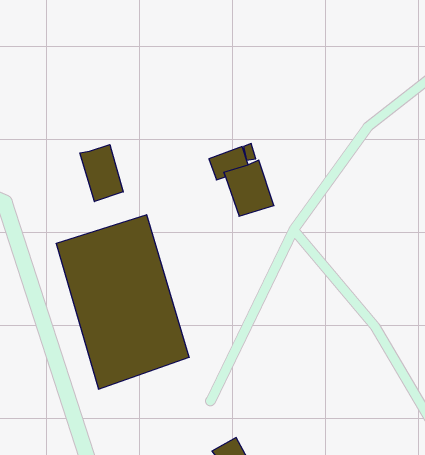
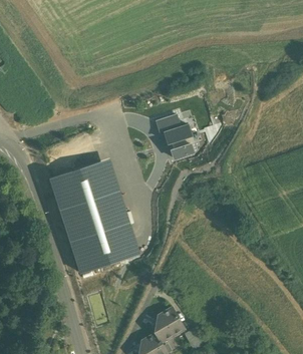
building: [80,145,123,202] -> none

